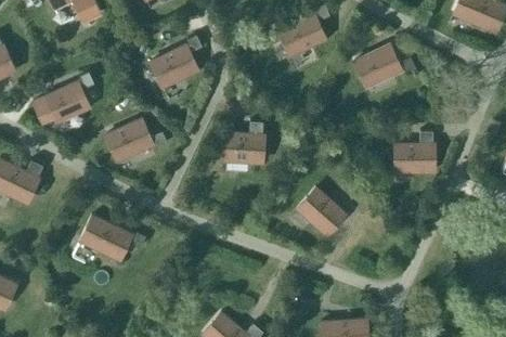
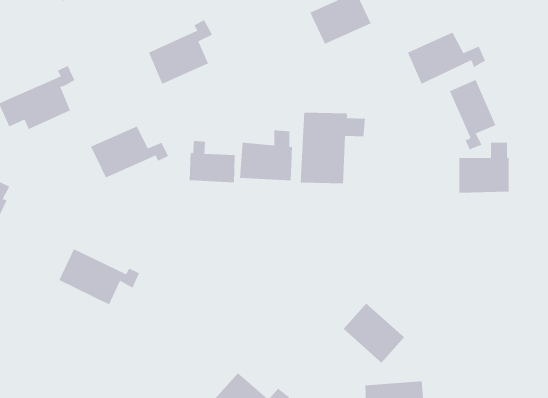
building: none -> [449,79,496,150]
building: none -> [300,112,366,184]
building: none -> [189,140,235,183]
building: [297,187,346,235] -> [343,303,405,363]

